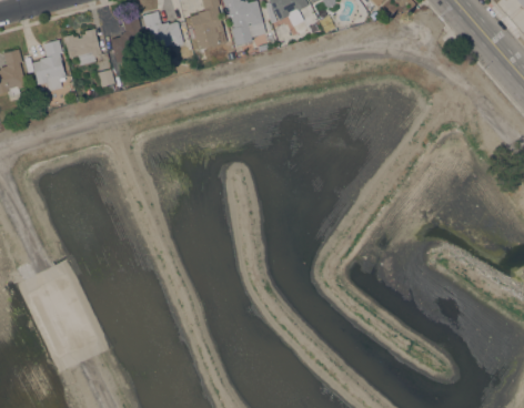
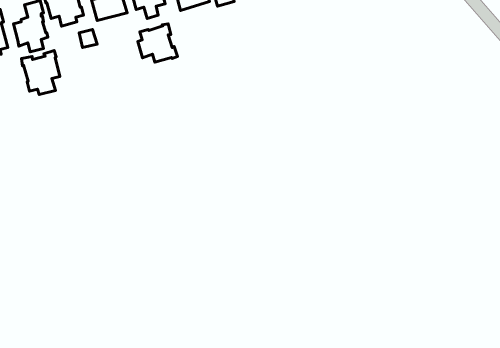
building: none -> [138,24,178,62]
building: none -> [21,50,60,95]

